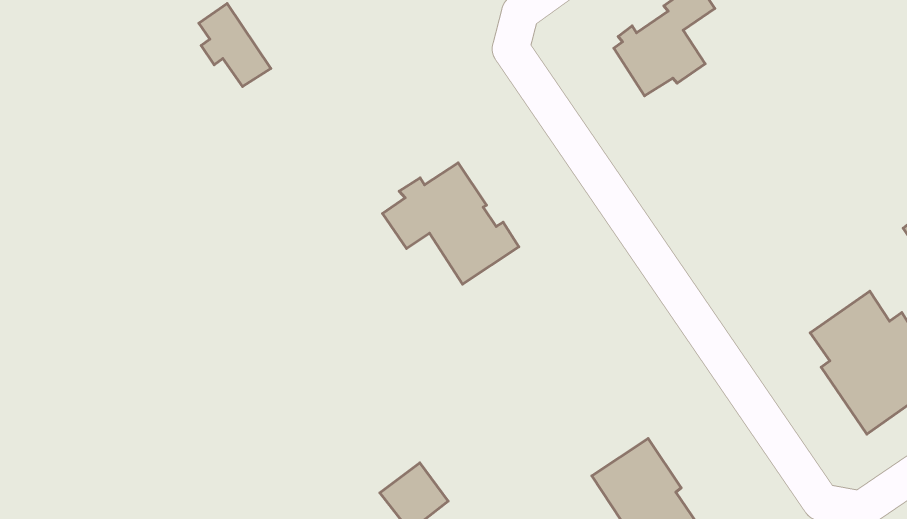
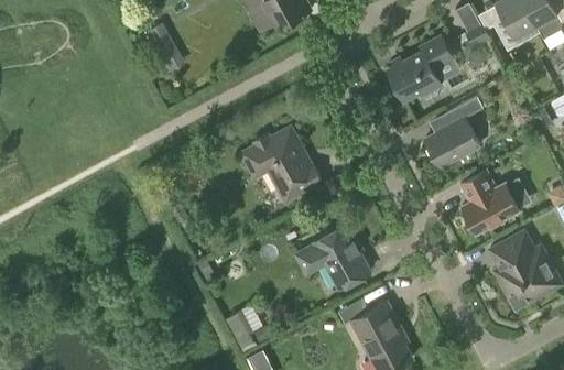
building: none -> [425,96,484,167]
building: none -> [460,171,520,235]
building: none -> [293,226,369,289]

